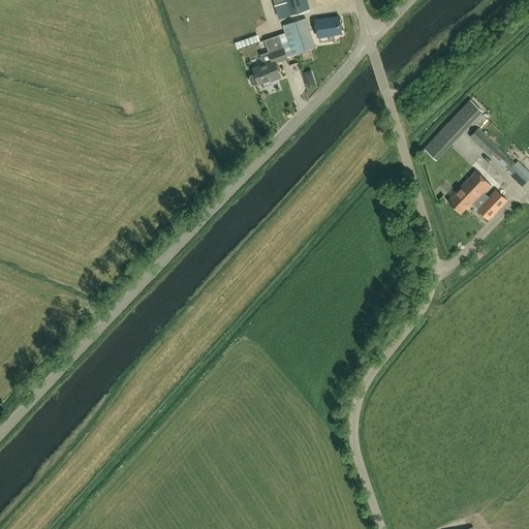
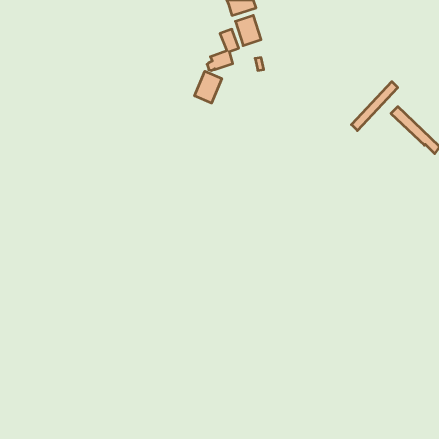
building: [315,17,342,36] -> none
building: none -> [195,71,222,103]
building: [447,170,506,219] -> none

